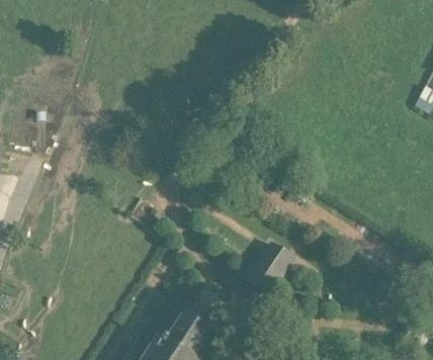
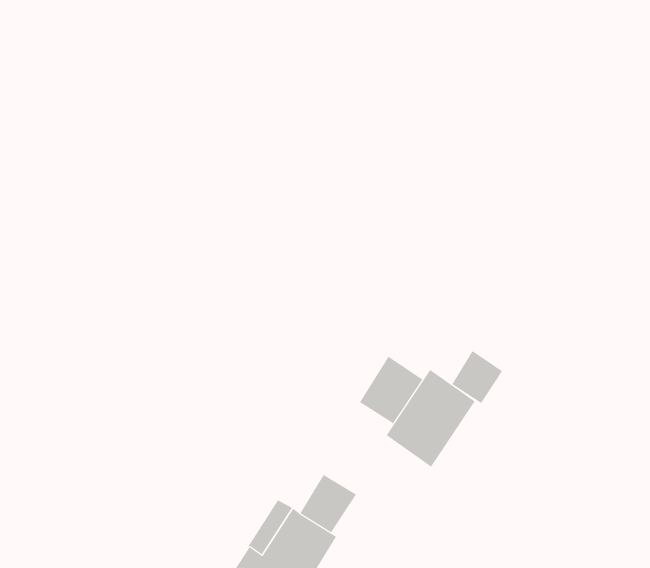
building: none -> [451,350,503,404]
building: none -> [359,356,423,424]

